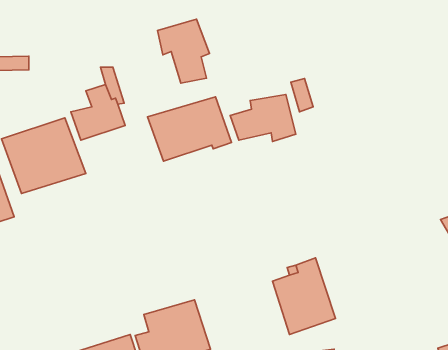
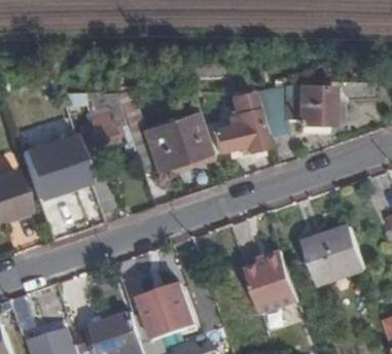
building: [158,19,209,83] -> none
building: none -> [281,89,328,122]
building: none -> [300,225,363,282]

